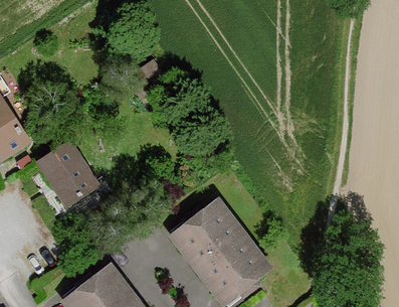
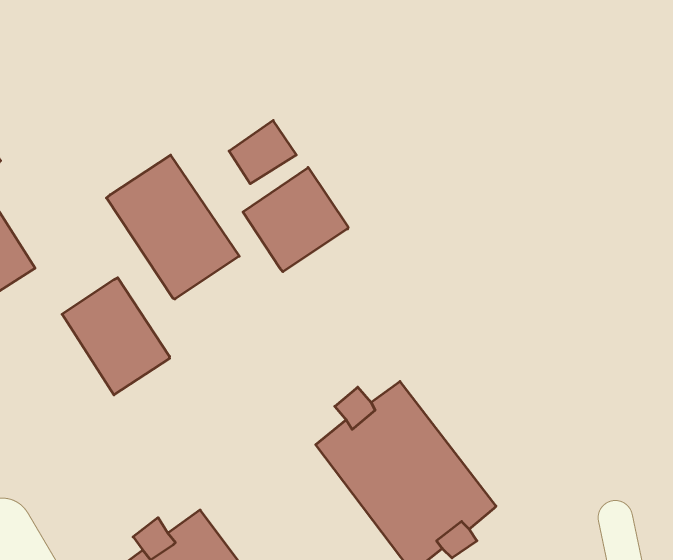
building: none -> [106,155,239,299]
building: none -> [243,167,348,272]

